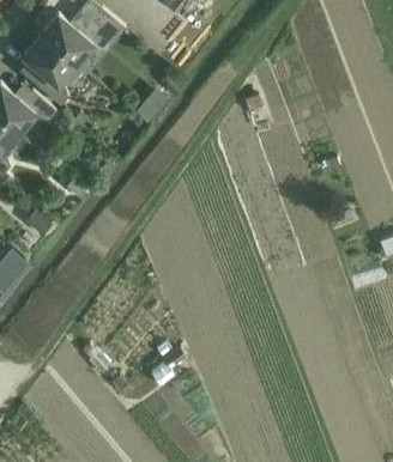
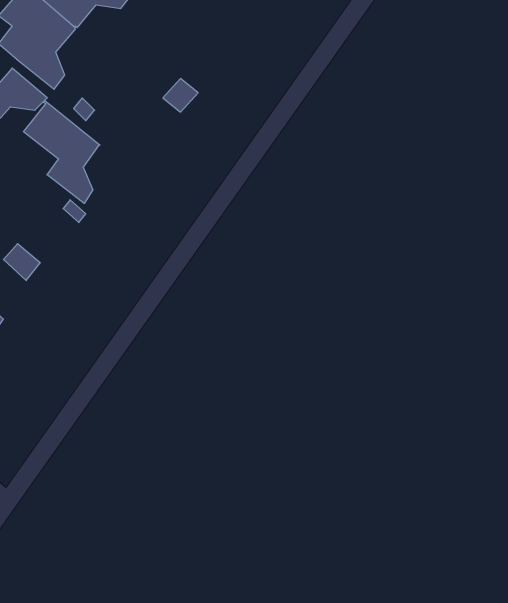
building: none -> [24,100,100,203]

